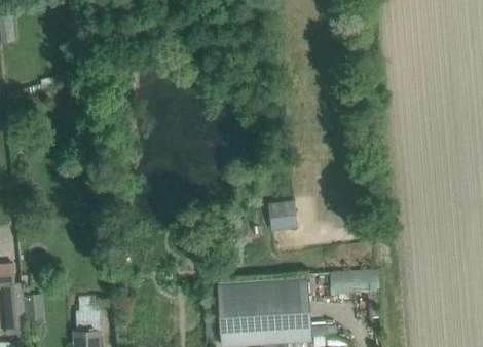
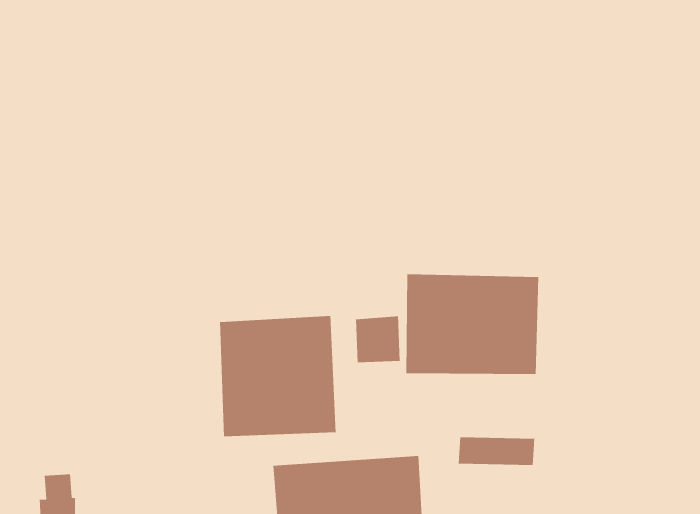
building: none -> [406,274,539,375]
building: none -> [219,315,336,437]

